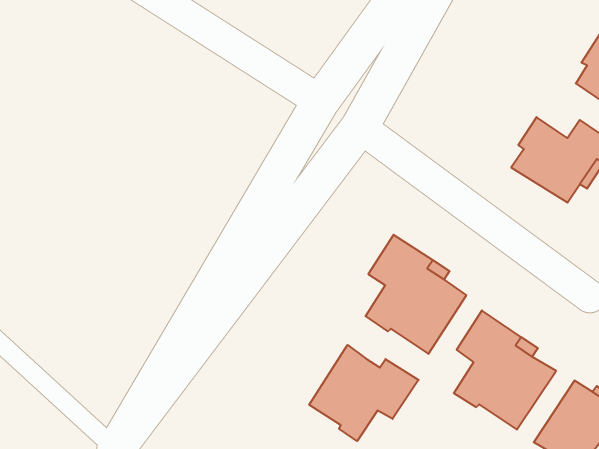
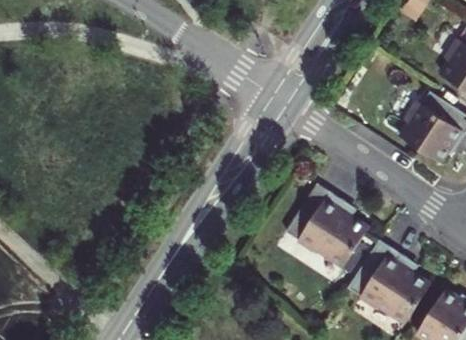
building: [309,345,419,441] -> none

